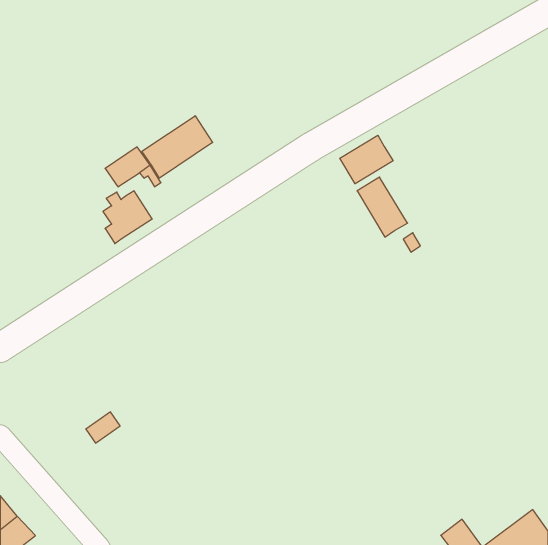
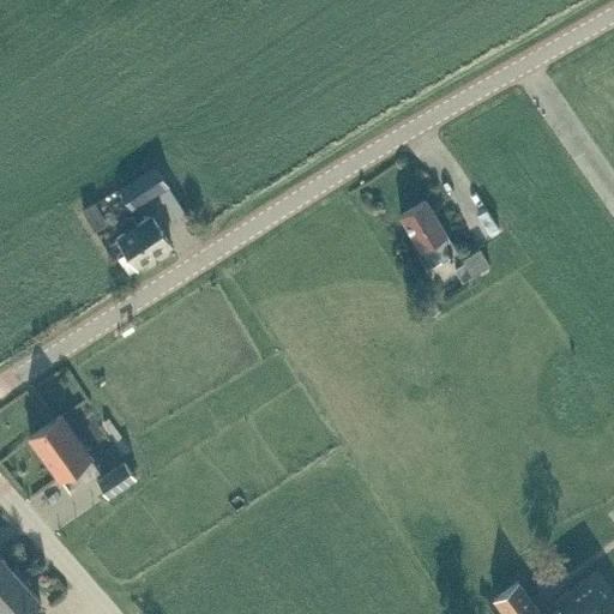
building: [142,116,213,178] -> none
building: [340,135,393,184] -> none
building: none -> [32,421,96,482]

